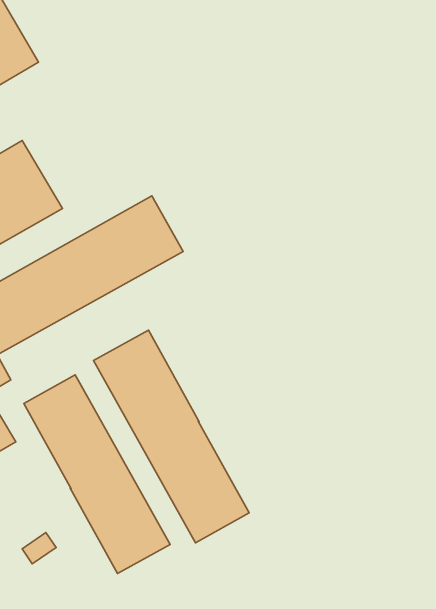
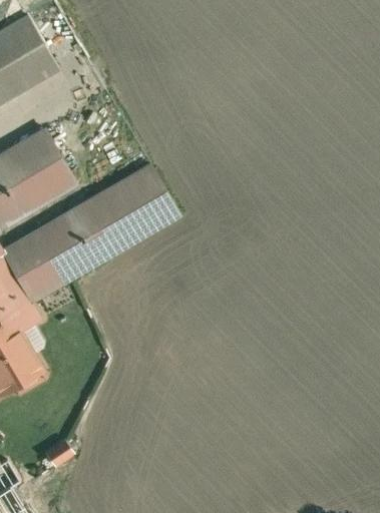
building: [94,330,249,543] -> none
building: [24,375,170,574] -> none

